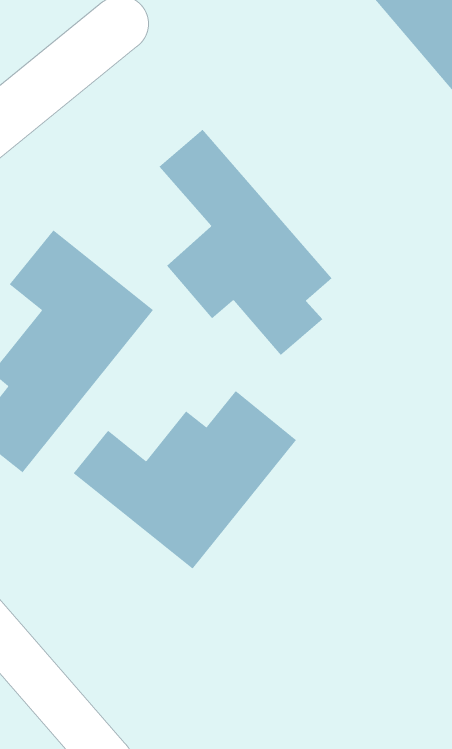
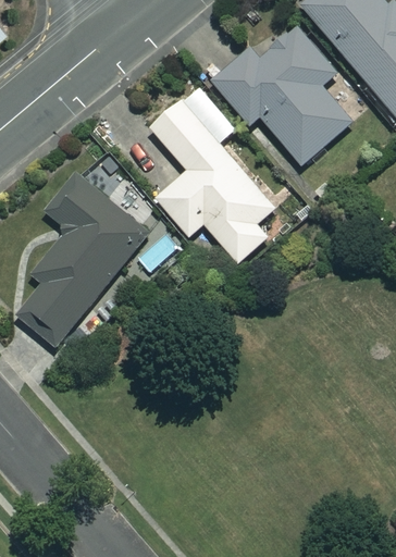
building: none -> [210,28,351,165]
building: [73,390,297,570] -> none

